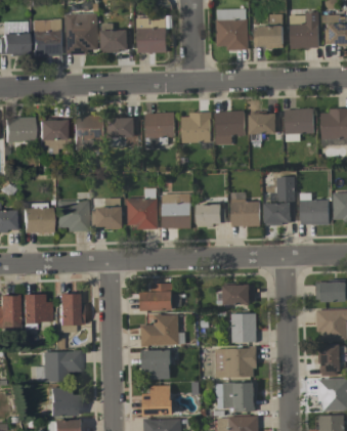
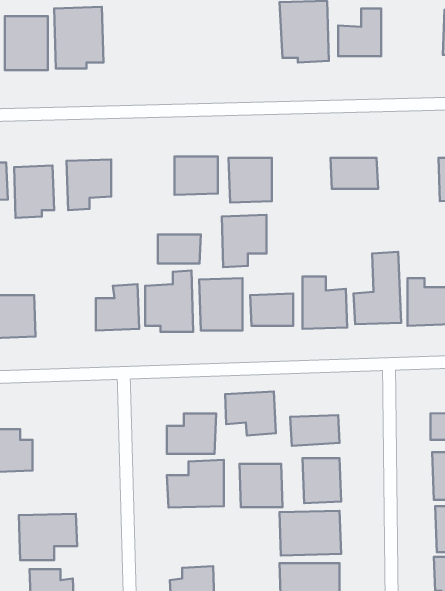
building: [289,13,319,48] -> none
building: [137,18,167,53] -> none
building: [101,30,128,52] -> none
building: [285,109,313,141] -> none
building: [215,111,245,145] -> [222,215,266,267]
building: [109,118,137,137] -> [158,234,201,264]
building: [56,199,89,231] -> none
building: none -> [225,391,276,435]
building: [58,293,86,326] -> none
building: [142,350,171,379] -> [239,464,283,507]

